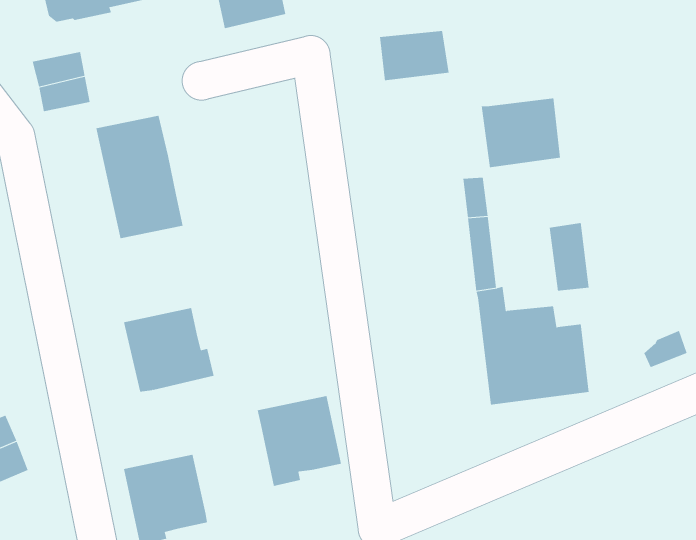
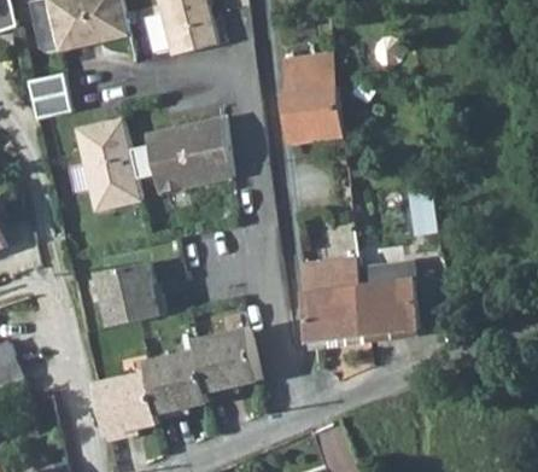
building: [481,98,561,168] -> [281,89,340,141]
building: none -> [128,120,229,194]
building: none -> [302,256,366,342]
building: none -> [144,350,206,416]

